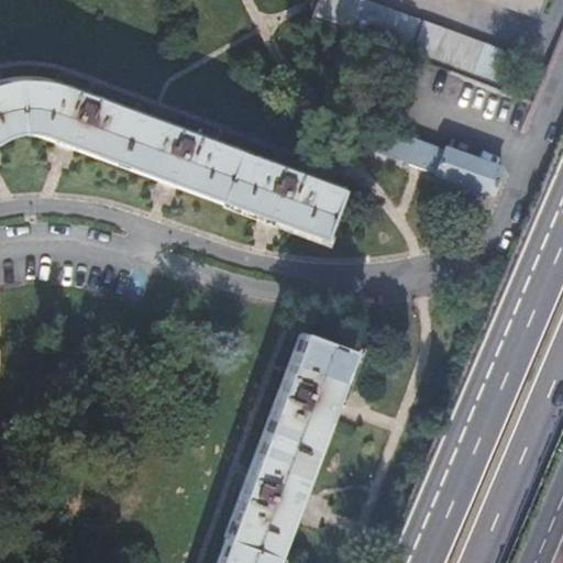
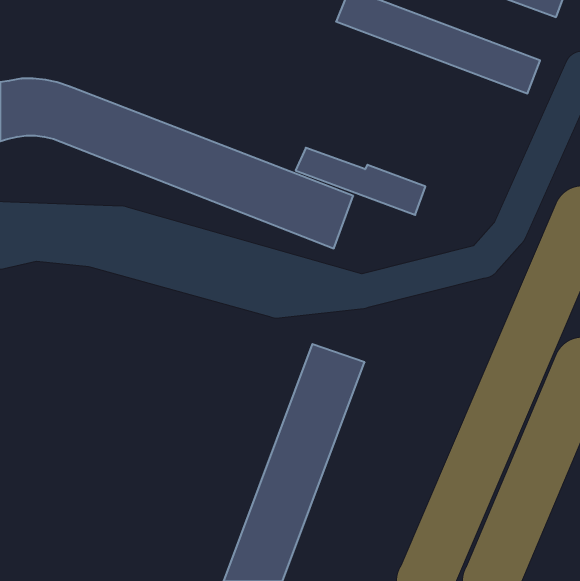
building: [377,131,503,196] -> [296,148,425,215]

